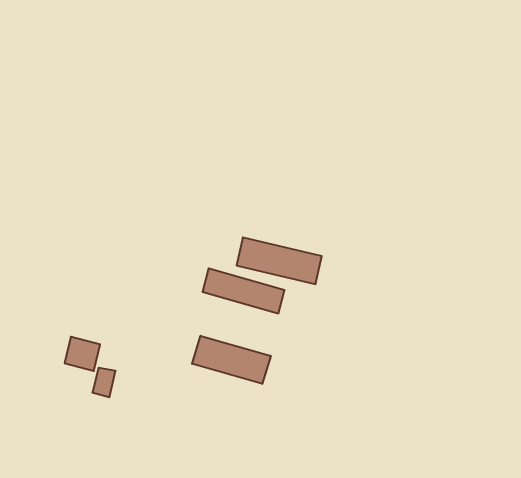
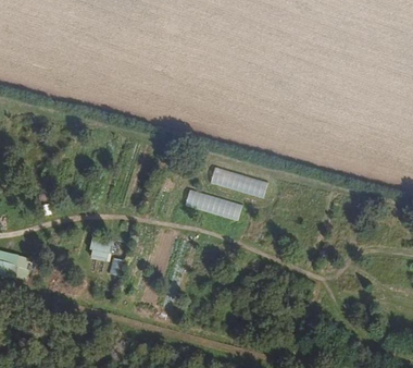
building: [192,336,271,384] -> none

